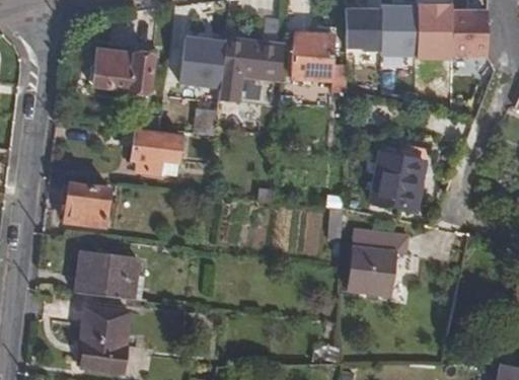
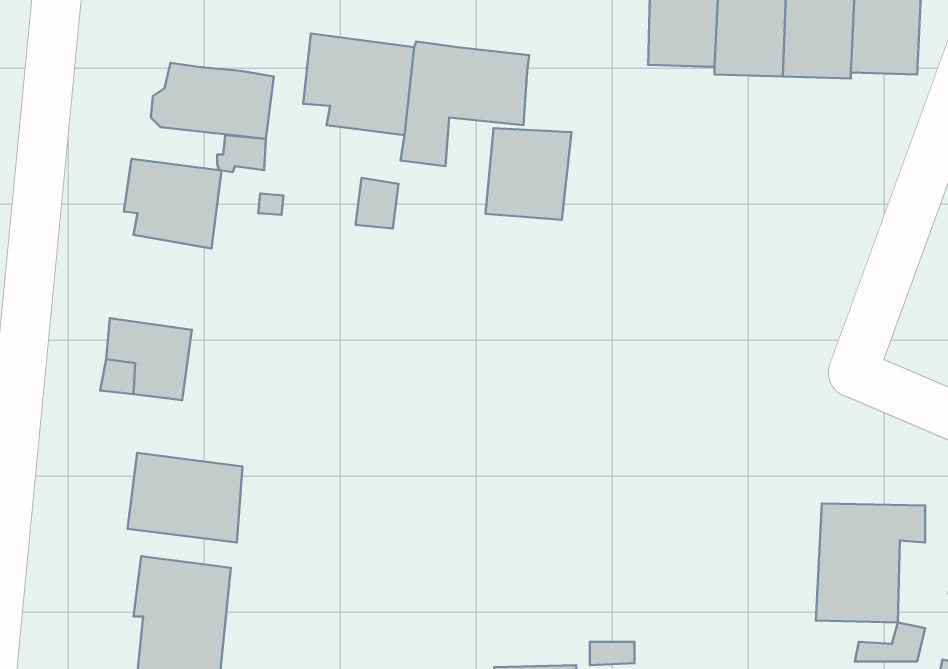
building: [294,33,339,81] -> [486,128,571,220]
building: [133,130,183,176] -> [124,159,221,248]
building: [369,152,423,210] -> none
building: [353,226,410,288] -> [816,503,925,622]

